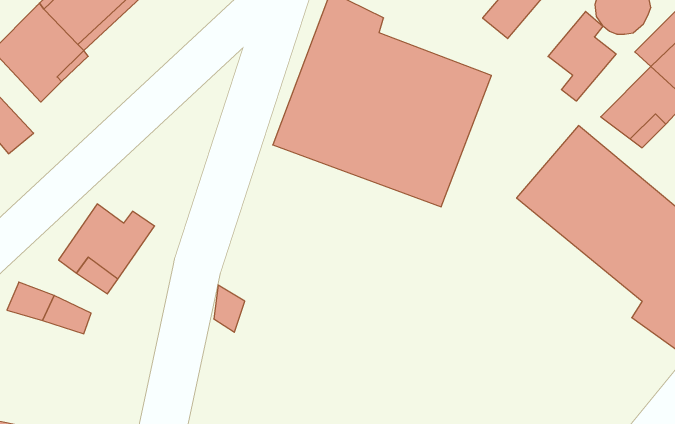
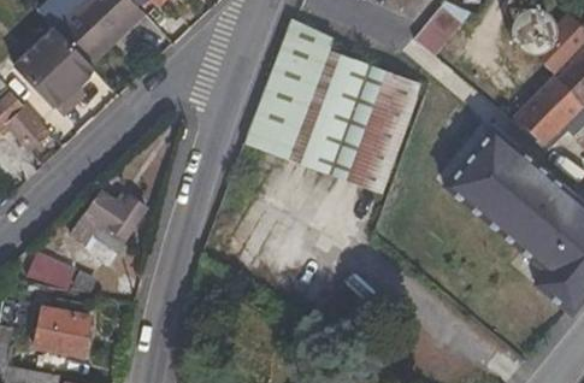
building: [548,11,616,101] -> none
building: none -> [33,307,93,358]

